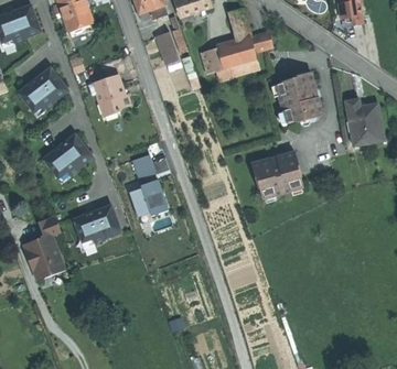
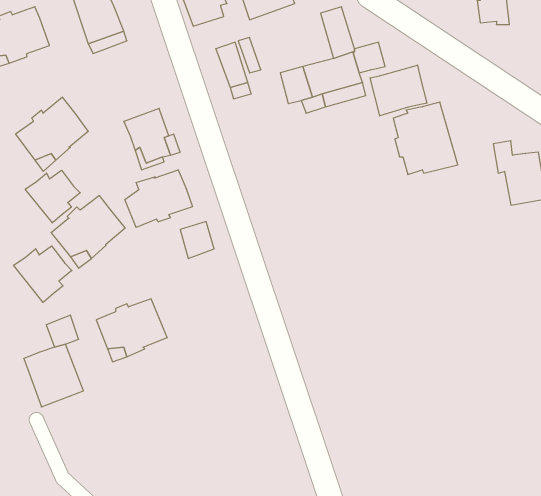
building: none -> [370,65,427,116]
building: none -> [125,170,193,227]
building: none -> [25,170,80,223]
building: [249,150,301,196] -> none
building: none -> [13,246,72,302]
building: [125,180,165,218] -> none

